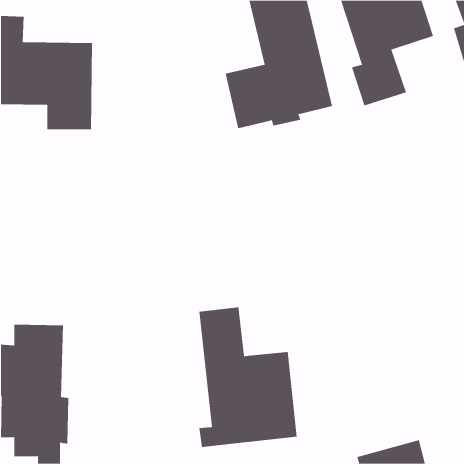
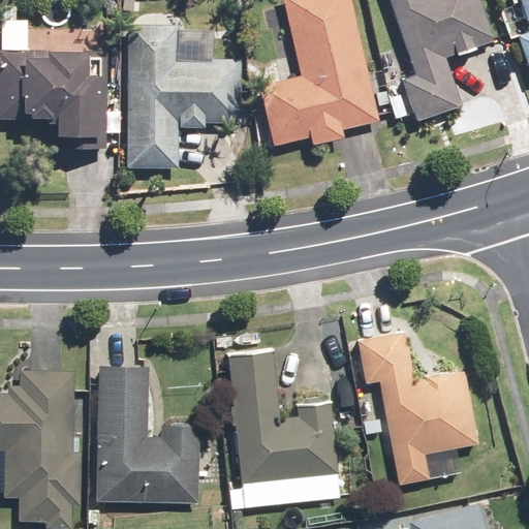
building: none -> [123,24,241,169]
building: none -> [356,331,477,485]
building: none -> [93,364,199,503]

